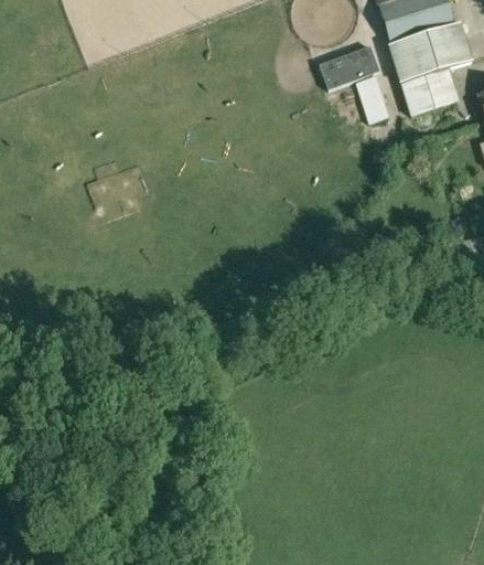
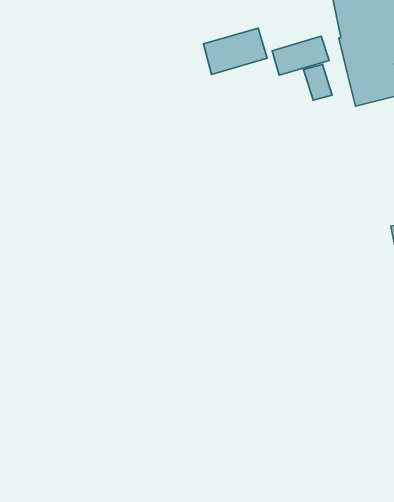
building: none -> [203,28,267,75]

